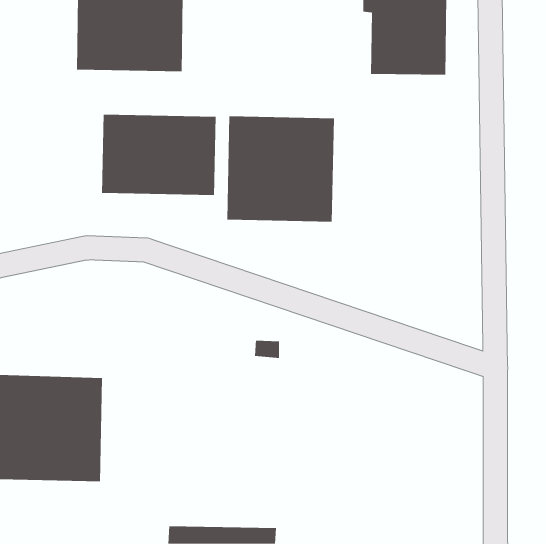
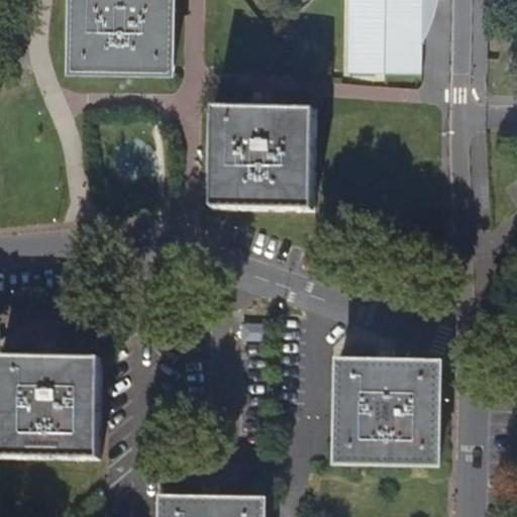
building: [102,114,216,196] -> none
building: none -> [333,360,434,461]

